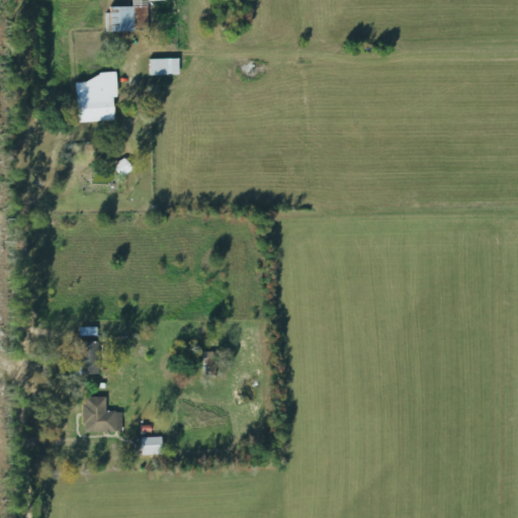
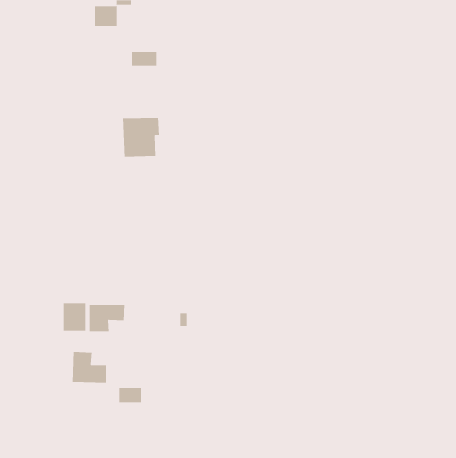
building: [76,76,118,121] -> [122,117,160,157]
building: none -> [89,304,125,332]

